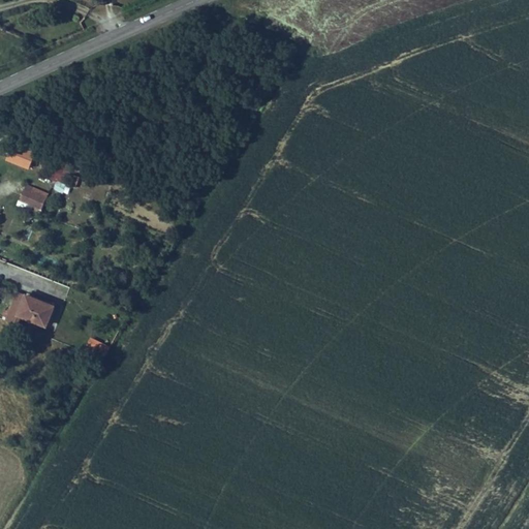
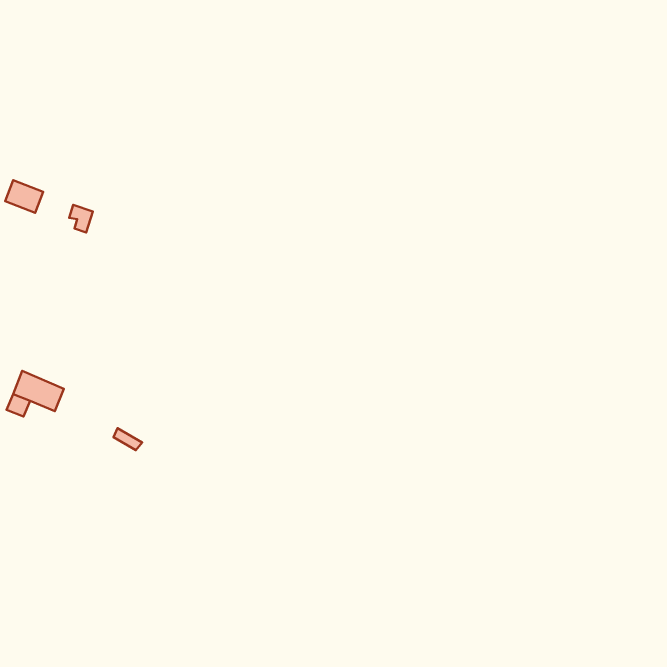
building: [19,185,48,214] -> none

